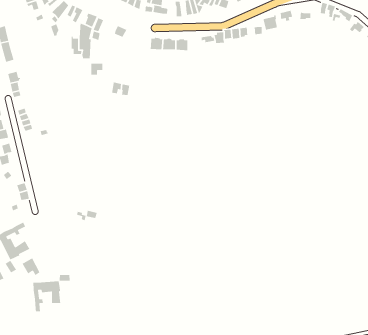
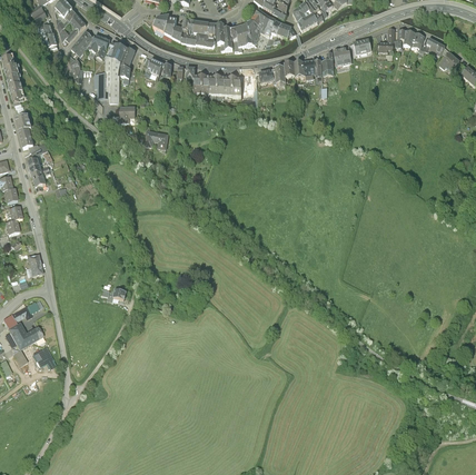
building: [33,274,71,312] -> none

